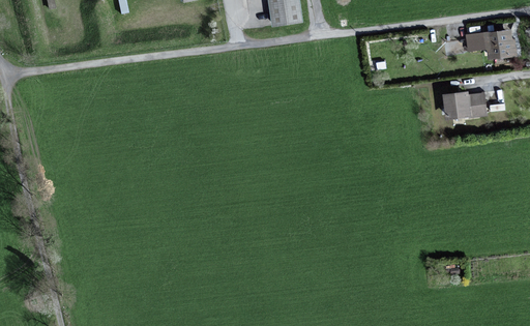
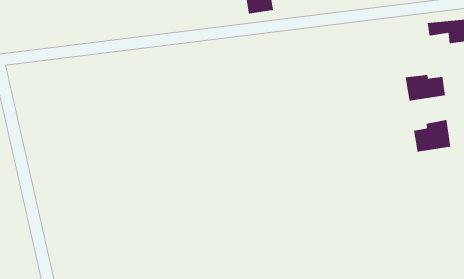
building: none -> [414,119,451,152]

